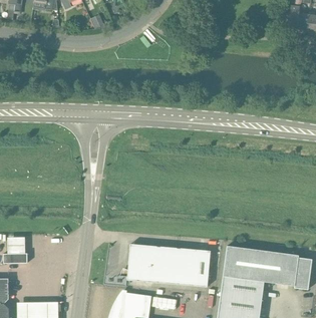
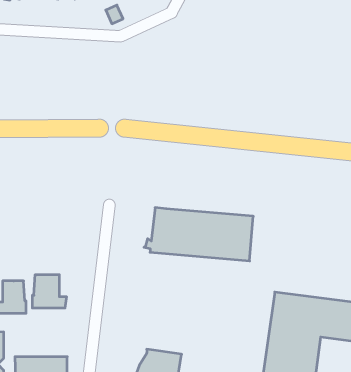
building: none -> [32,275,66,308]
building: [121,244,210,287] -> [144,208,253,261]

